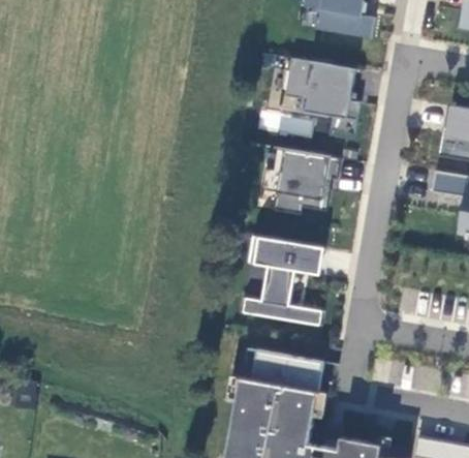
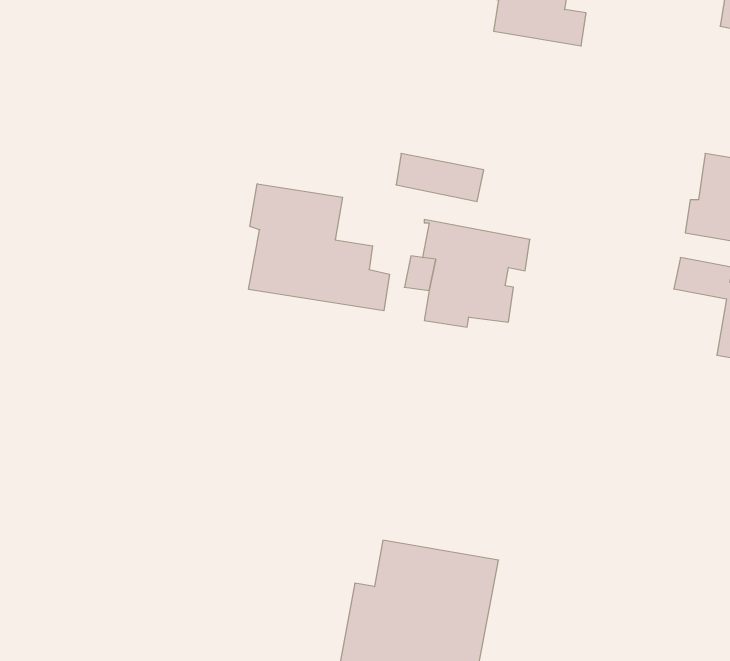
building: [286,59,362,139] -> none
building: none -> [249,184,389,311]
building: [255,237,325,326] -> none

